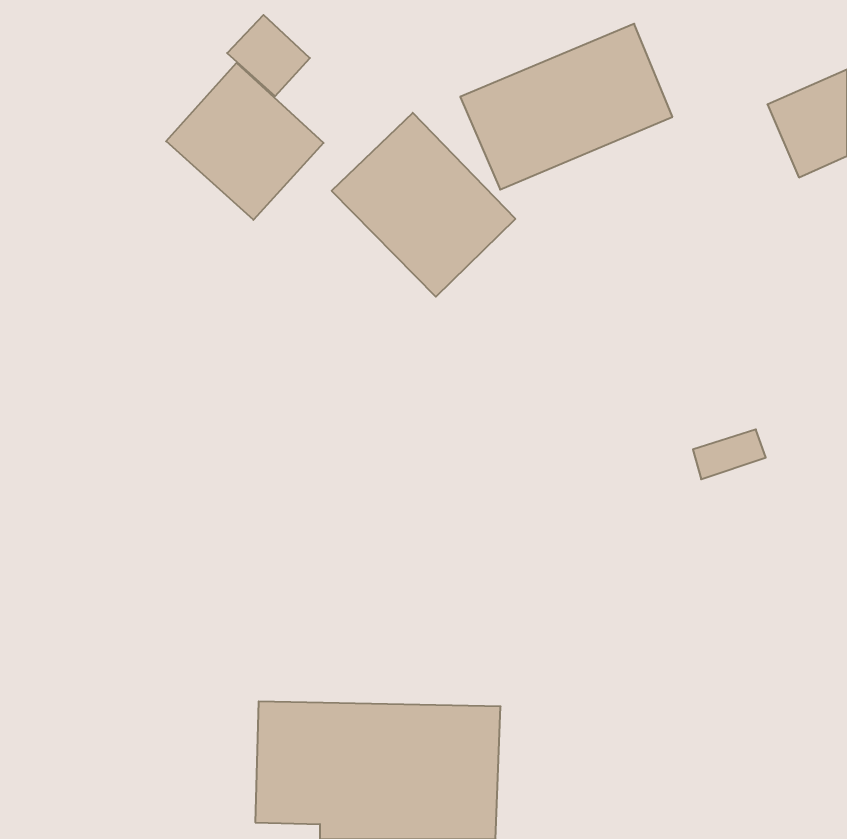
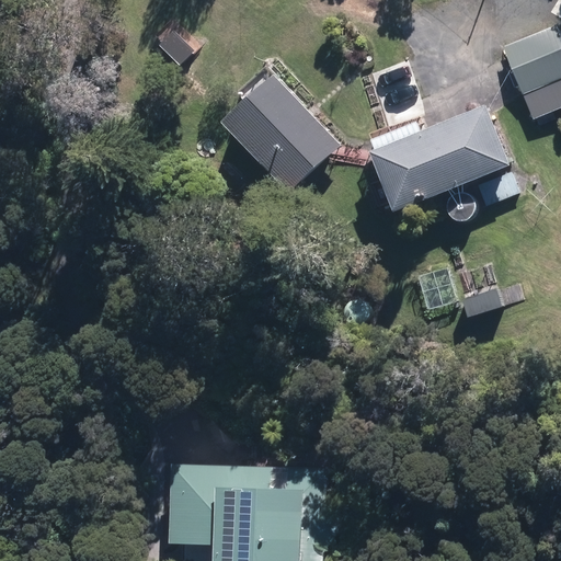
building: [460,24,672,190] -> [369,105,510,215]
building: [166,63,324,220] -> none

